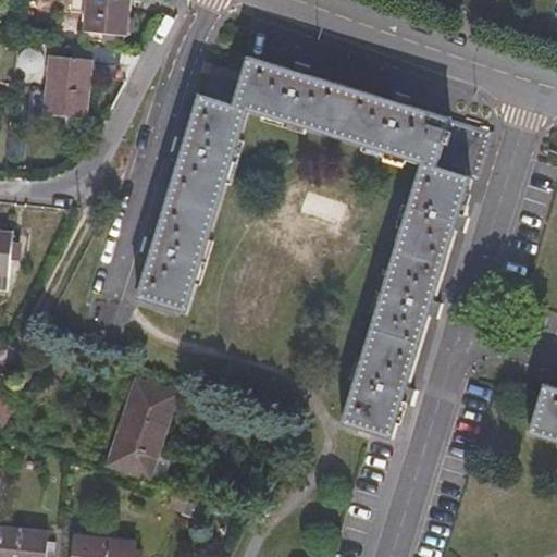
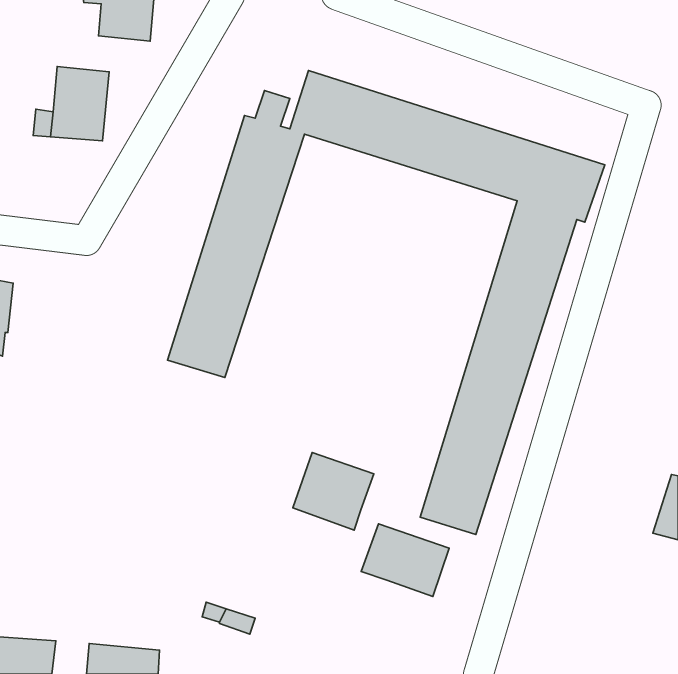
building: none -> [293,453,374,530]
building: [109,377,172,473] -> none
building: none -> [361,524,449,596]

